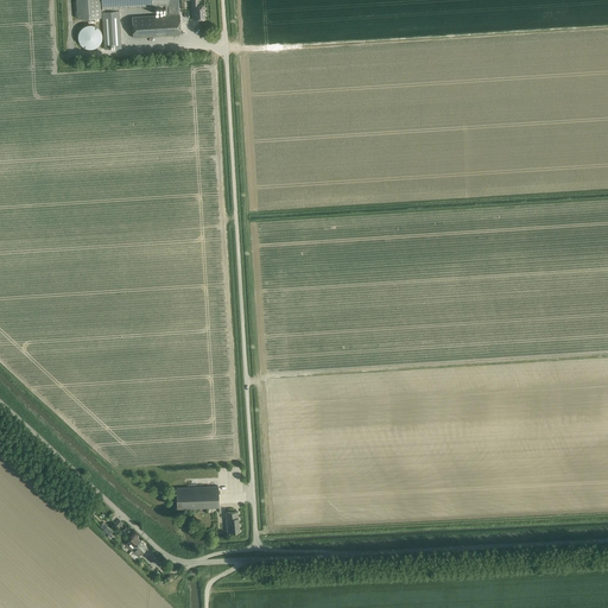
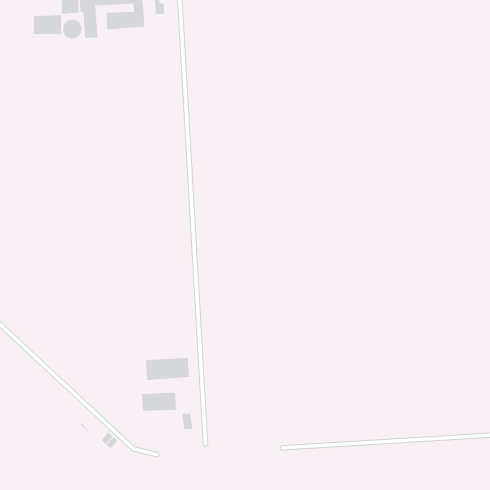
building: none -> [33,14,62,35]
building: none -> [145,357,189,381]

